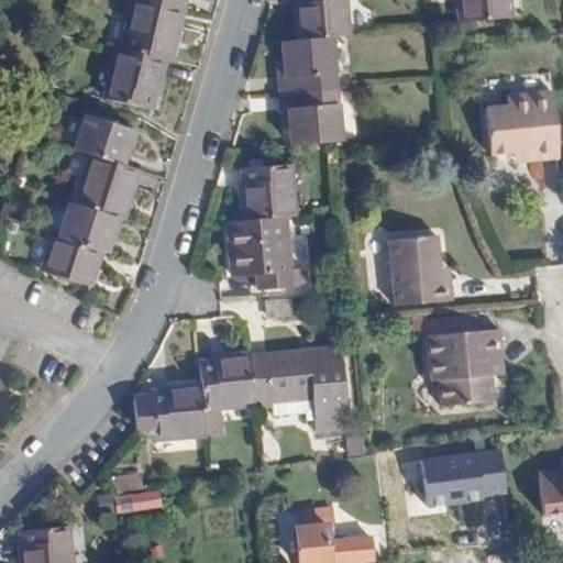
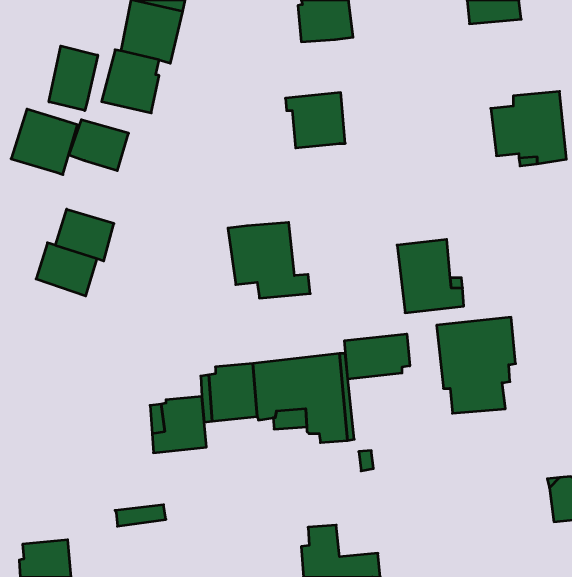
building: [282,38,336,96] -> none
building: none -> [49,46,98,111]
building: [71,156,136,220] -> [11,109,78,175]
building: [241,163,296,220] -> none
building: none -> [345,334,410,379]
building: [426,452,509,508] -> none

